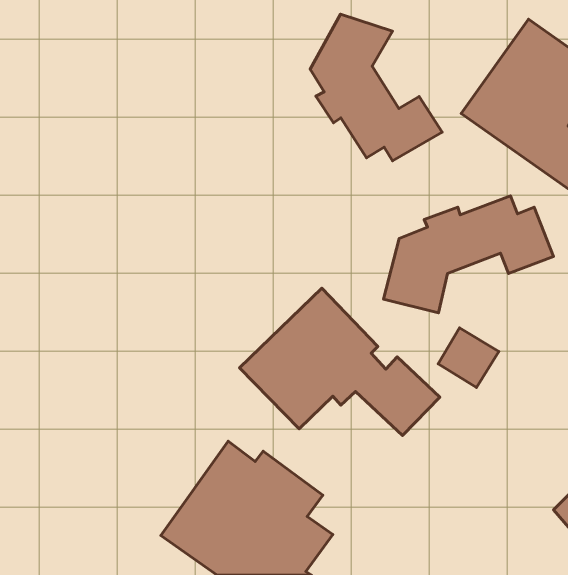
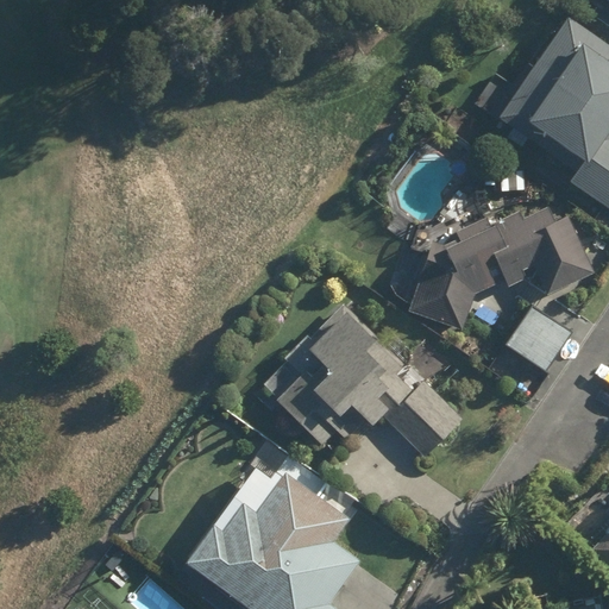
building: [310,14,442,161] -> none
building: [438,328,499,387] -> [508,307,572,370]

